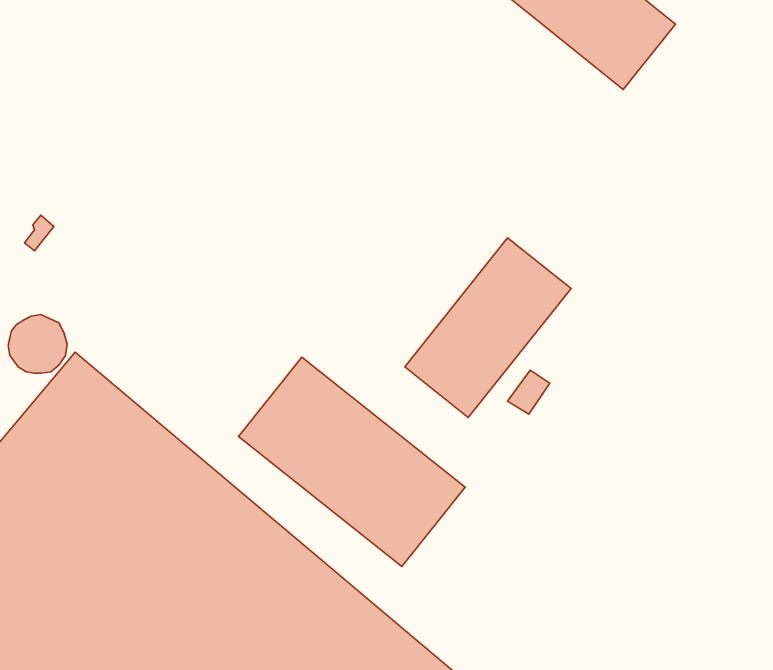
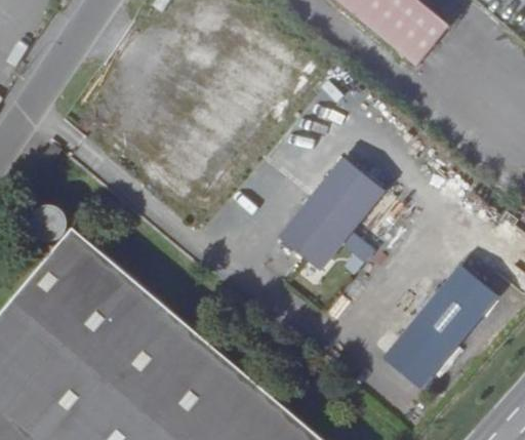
building: [239,357,465,566] -> none
building: none -> [382,267,495,389]

